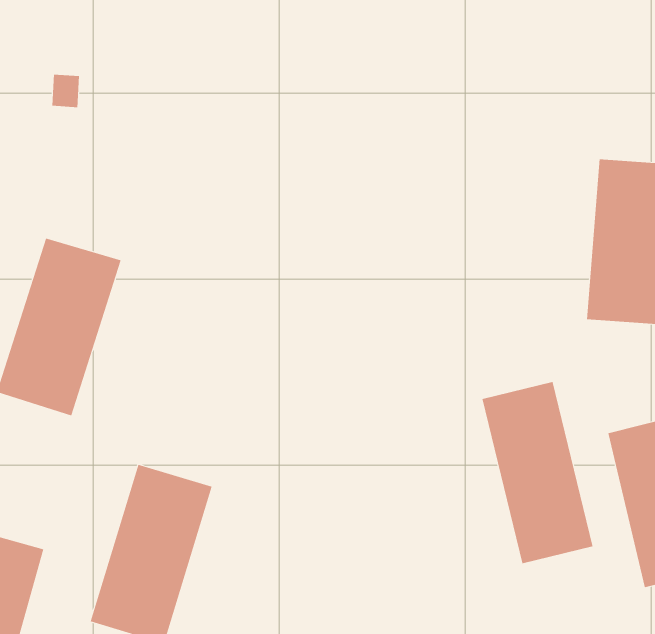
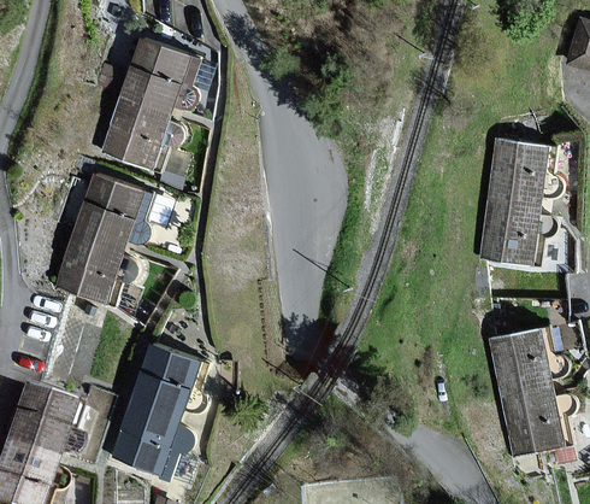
building: none -> [102,42,195,170]
building: [482,381,593,564] -> none

